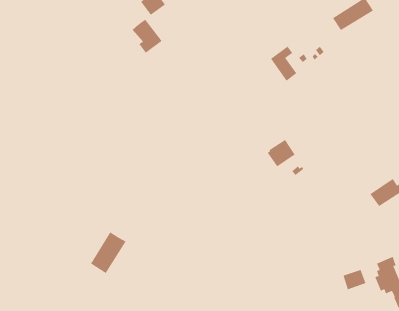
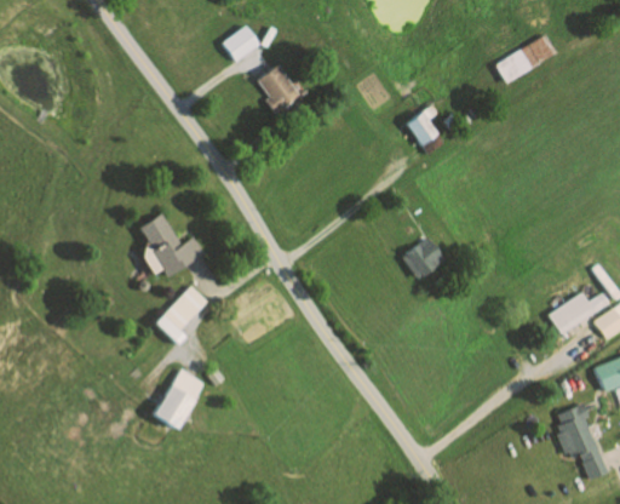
building: [132,19,162,53] -> [256,64,299,114]
building: none -> [138,212,205,279]
building: none -> [155,286,207,345]
building: [343,269,366,290] -> none

